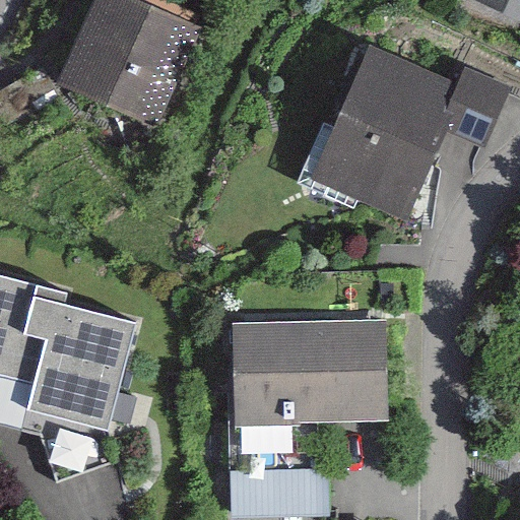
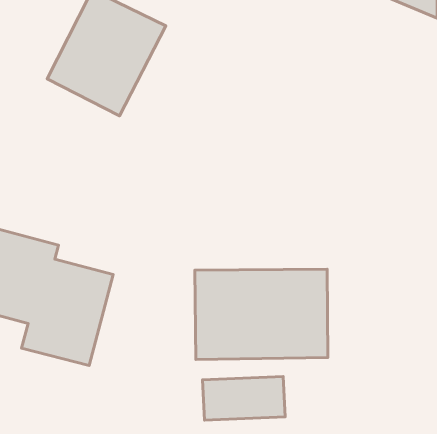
building: [306,42,510,222] -> none

